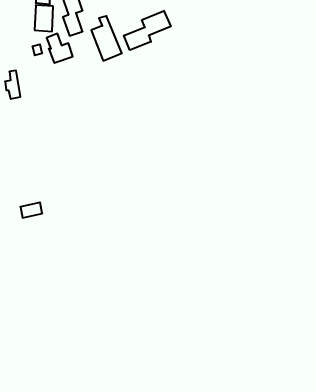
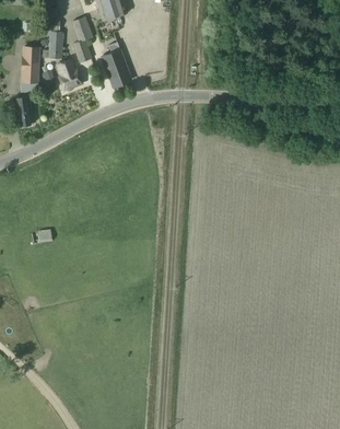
building: [124,11,171,50] -> none
building: none -> [22,47,38,91]

